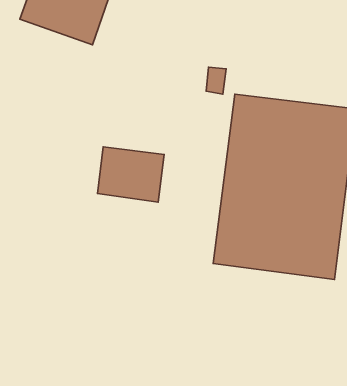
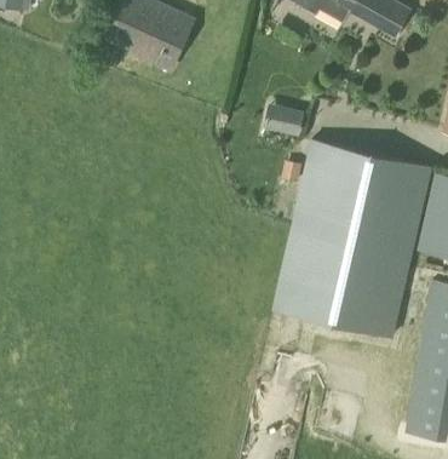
building: [97,147,164,202] -> none

